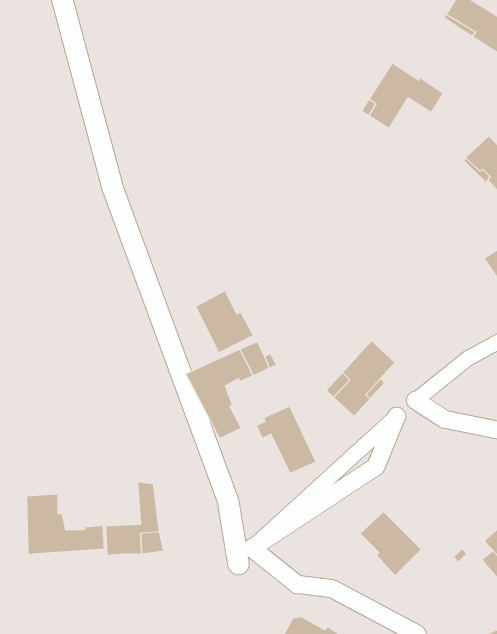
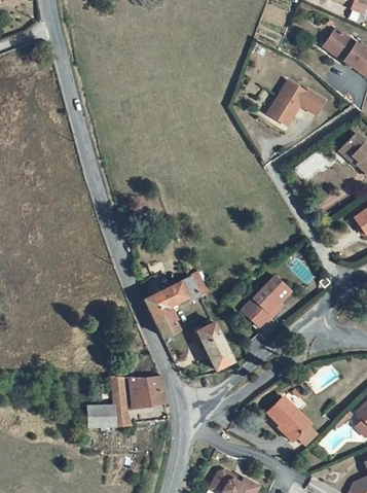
building: [196,291,254,353] -> none
building: none -> [129,375,166,408]
building: [27,494,104,554] -> none

